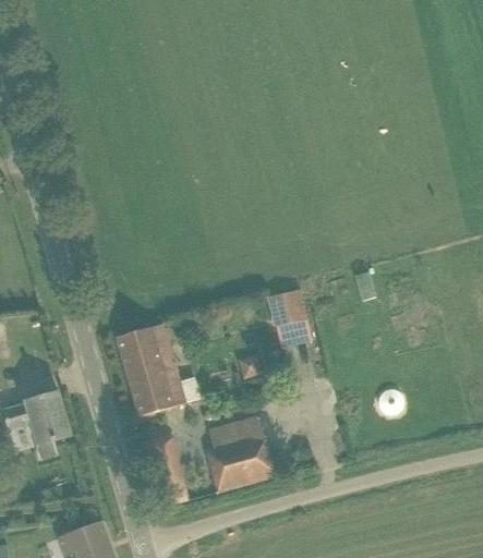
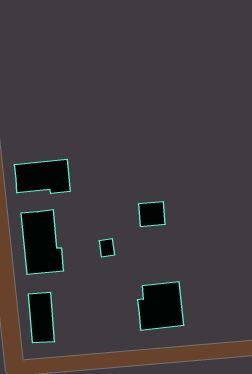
building: none -> [14,159,70,194]
building: [207,417,275,490] -> [137,282,184,330]

